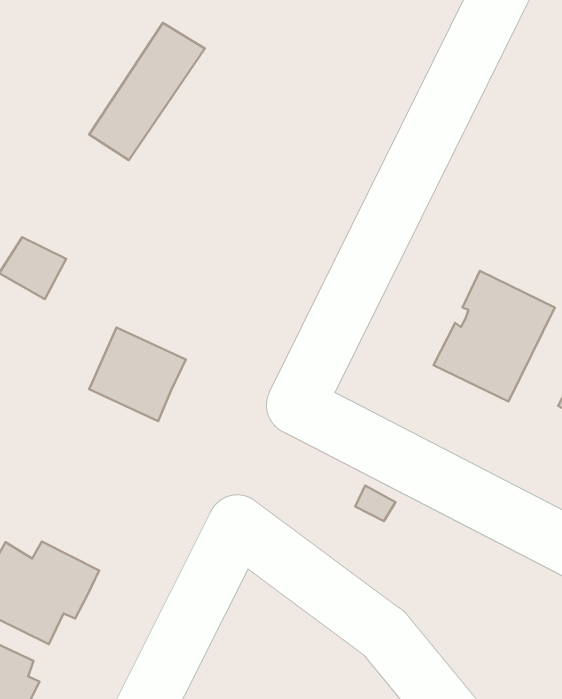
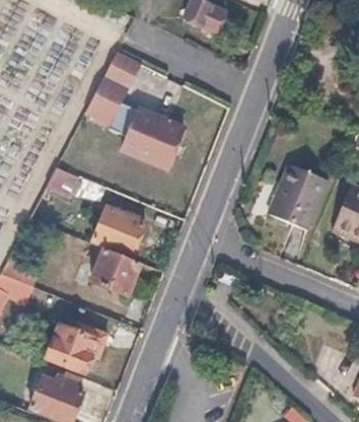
building: none -> [113,103,184,167]
building: none -> [95,254,142,296]

